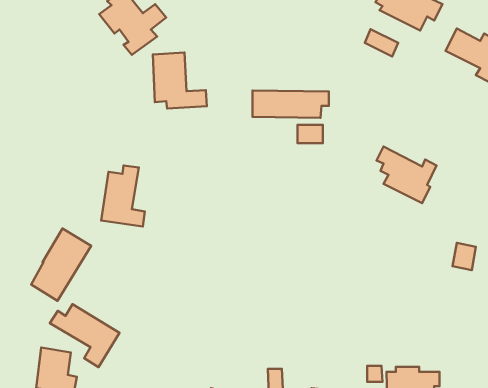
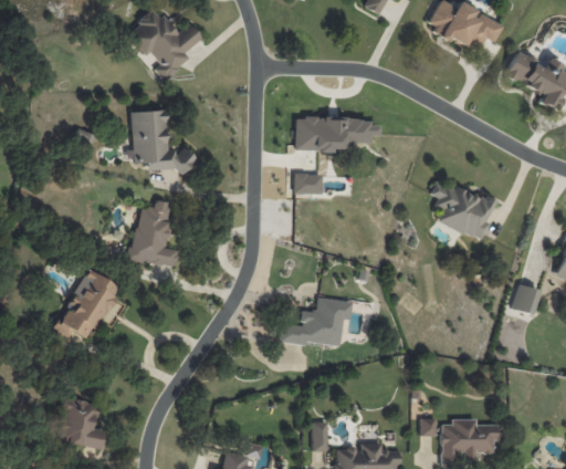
building: [365,29,398,57] -> none
building: [153,52,207,108] -> [133,108,191,169]
building: [297,125,323,143] -> [295,173,323,192]
building: none -> [281,296,353,346]
building: [50,304,120,367] -> none

